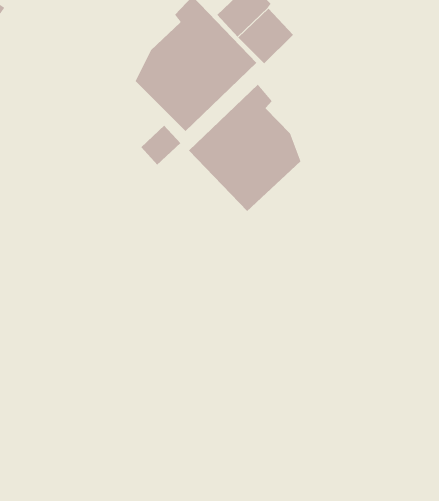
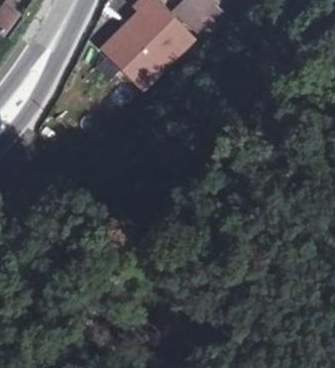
building: [188,84,301,212] -> none

